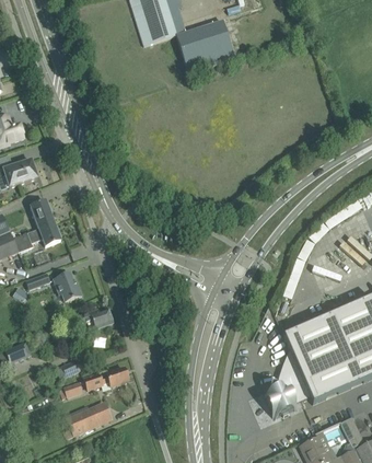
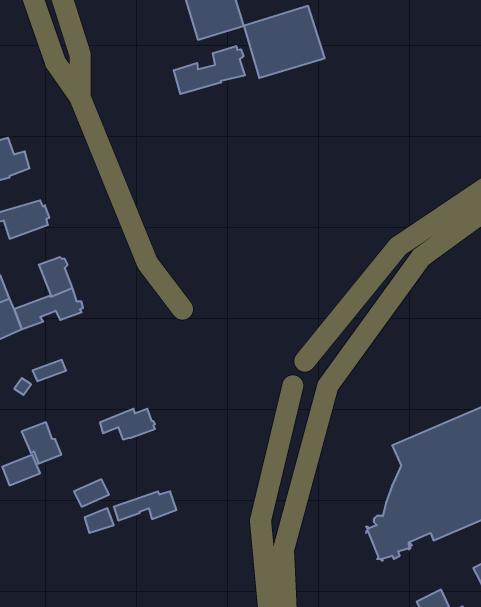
building: none -> [174,46,245,94]
building: [53,271,81,301] -> [22,422,61,464]
building: [63,400,113,437] -> none

